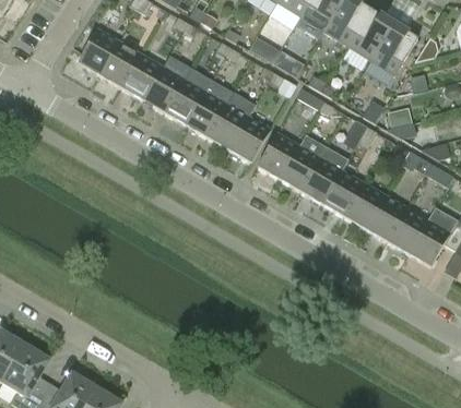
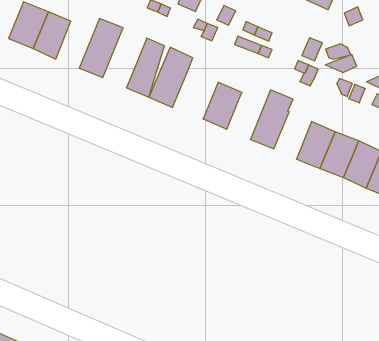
building: [120,52,168,99] -> none
building: [164,65,212,124] -> none
building: [228,116,271,161] -> none
building: [279,133,327,191] -> none
building: [322,169,363,216] -> none

